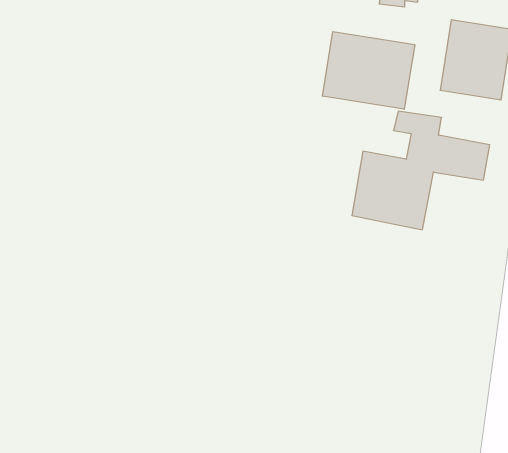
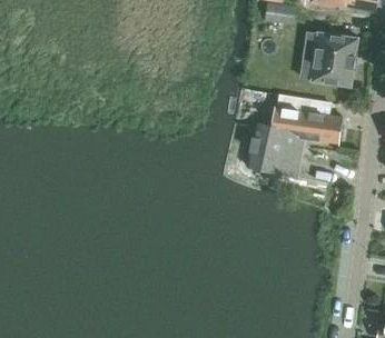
building: [323,32,415,109] -> none

